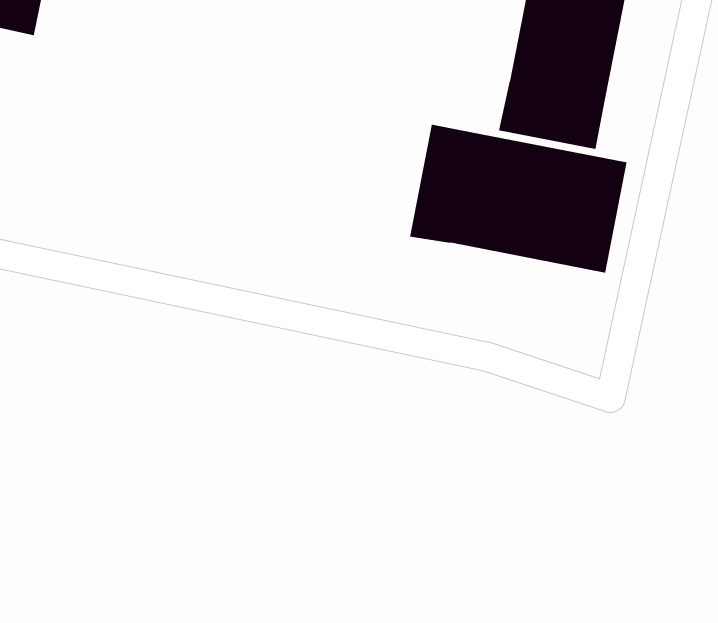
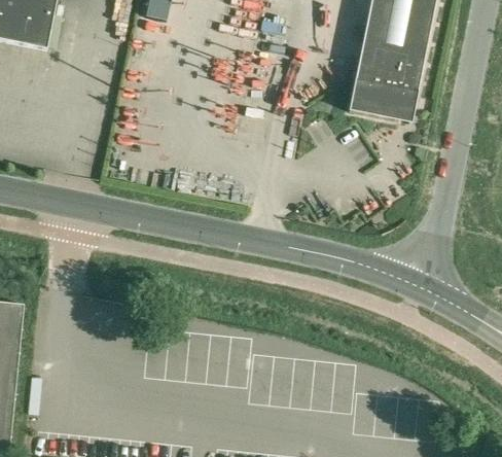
building: [410,124,627,273] -> none

